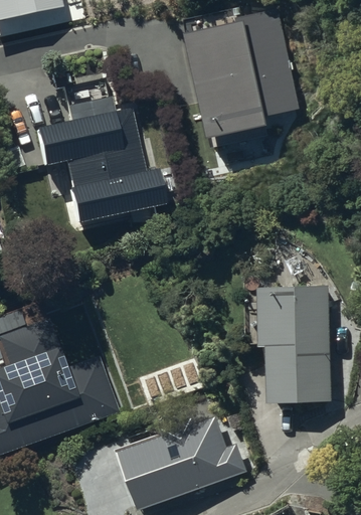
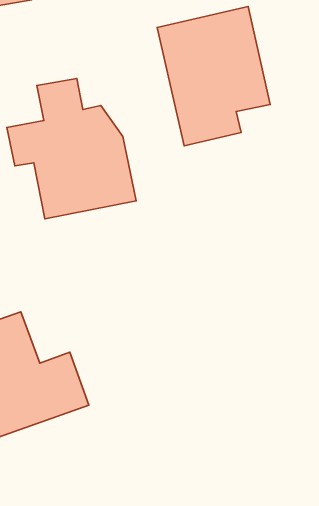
building: [259,288,332,401] -> none
building: [121,416,247,507] -> none

